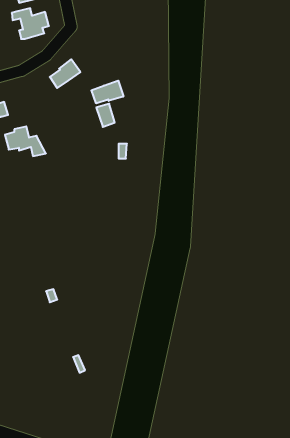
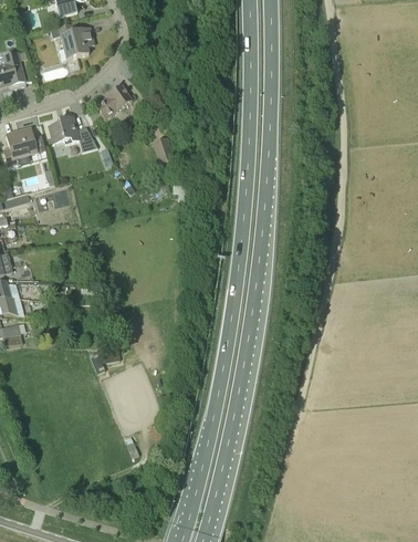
building: [91,81,123,103] -> none
building: [5,126,46,156] -> [49,115,97,150]

